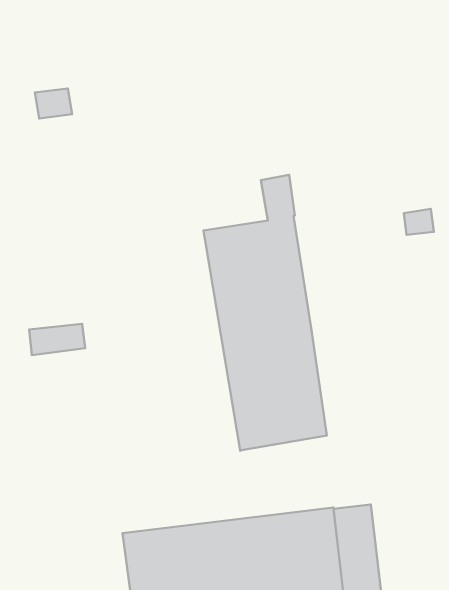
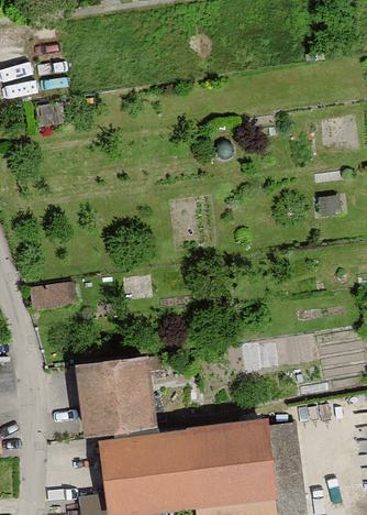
building: [204,175,327,451] -> none
building: none -> [79,357,151,430]

